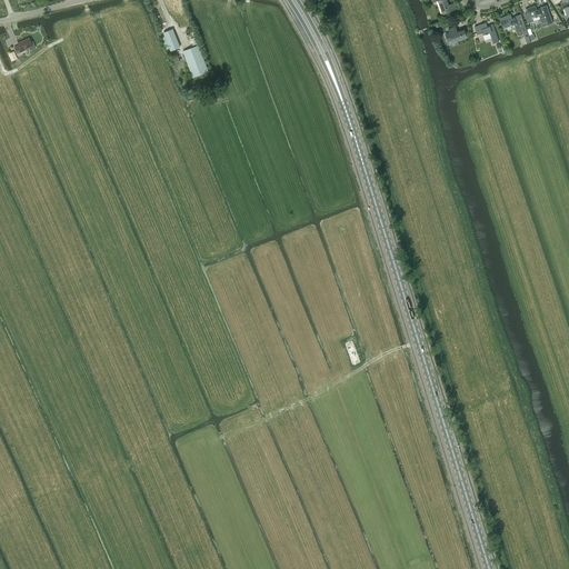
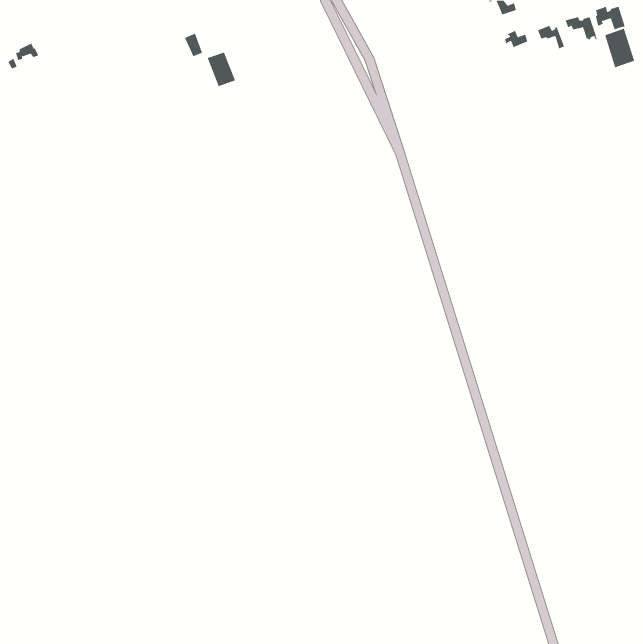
building: none -> [604,28,635,68]

